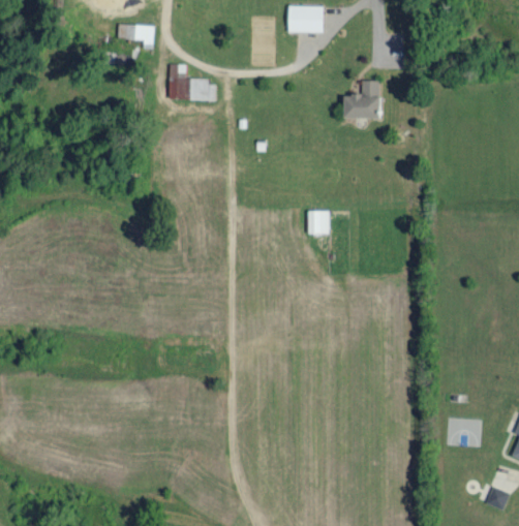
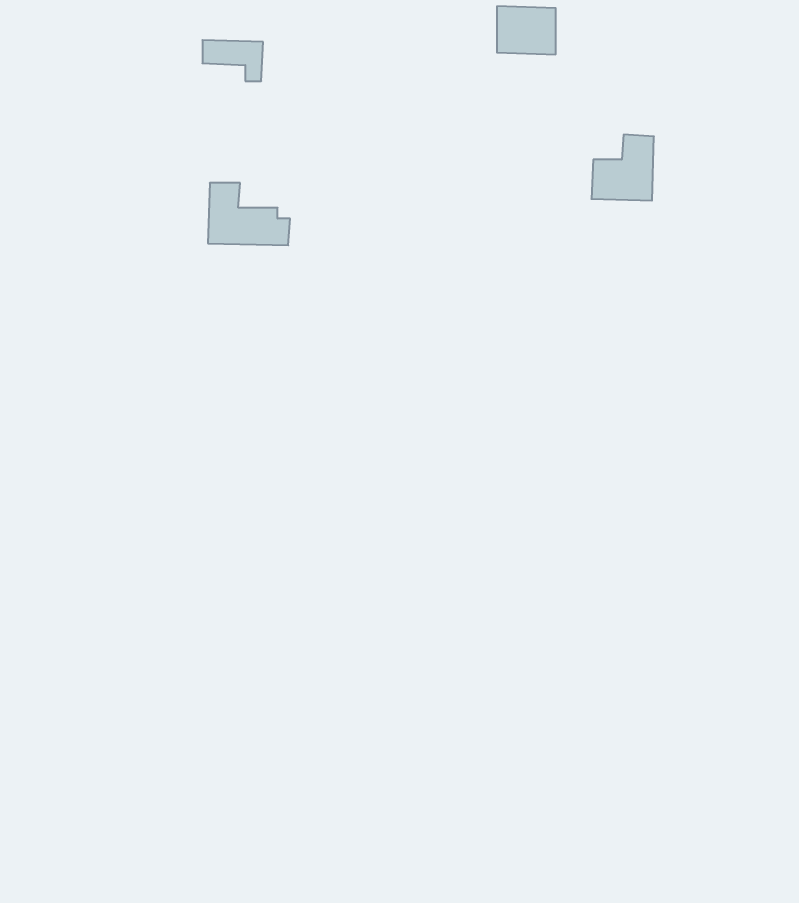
building: [167,64,215,100] -> [208,183,290,245]
building: [307,211,328,235] -> none

